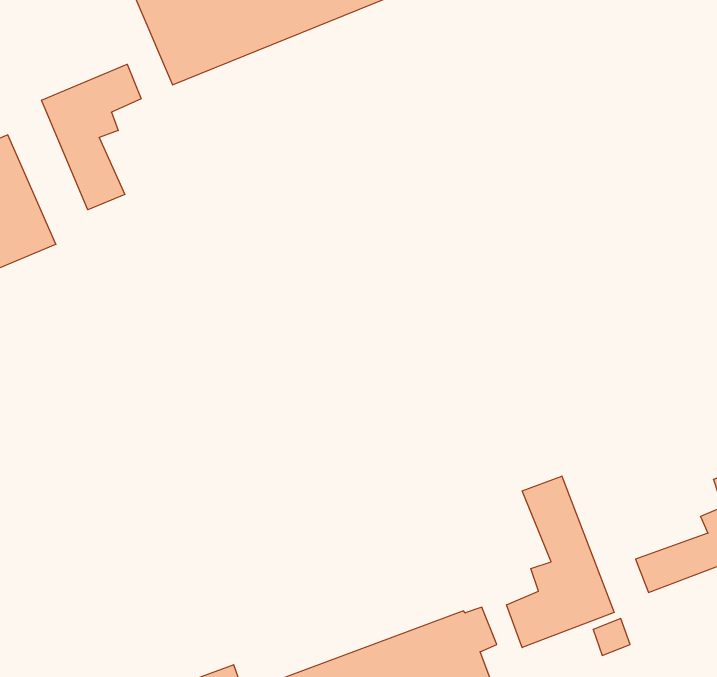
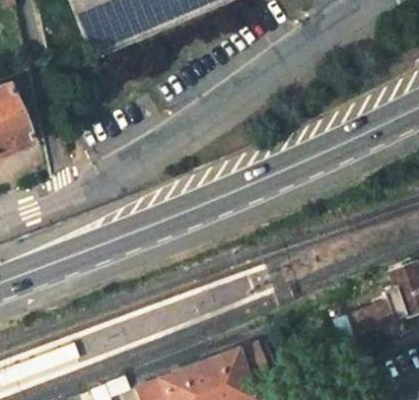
building: [42,64,141,210] -> none
building: [507,476,614,648] -> none

